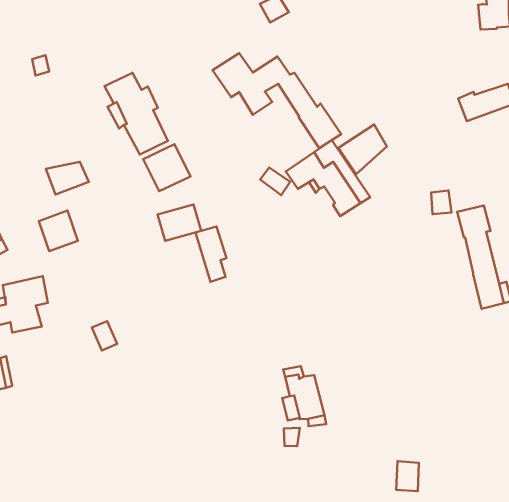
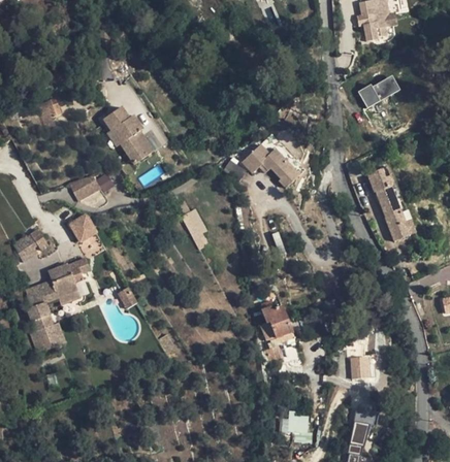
building: [212,53,341,148] -> none
building: [338,125,387,174] -> none
building: [143,144,191,191] -> none
building: [157,204,201,241] -> none

